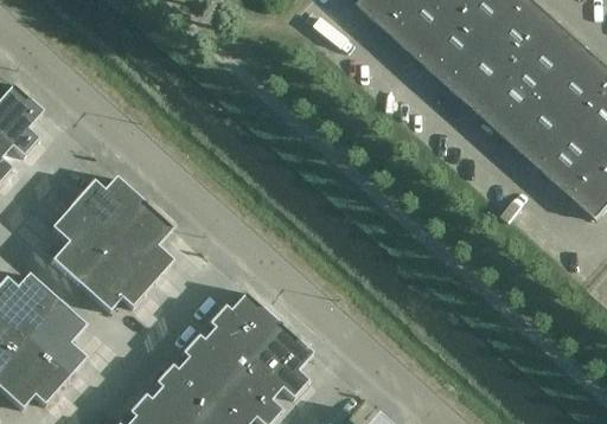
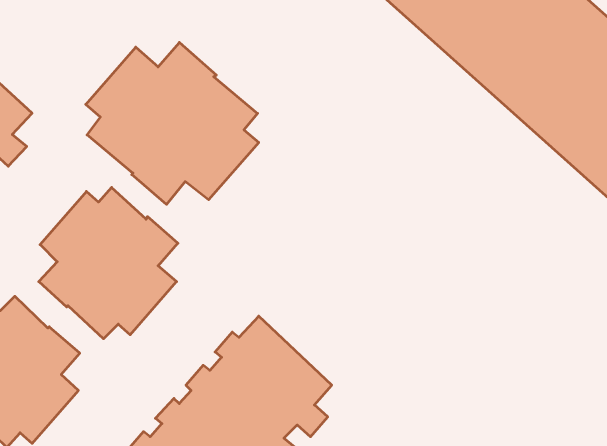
building: none -> [86,42,259,204]

